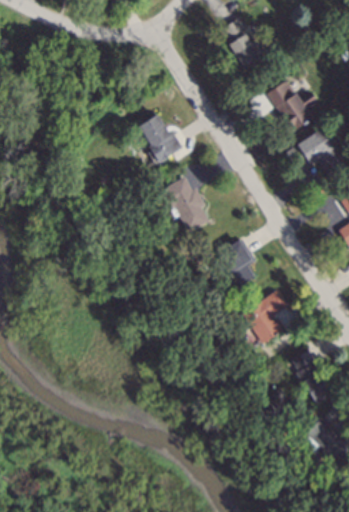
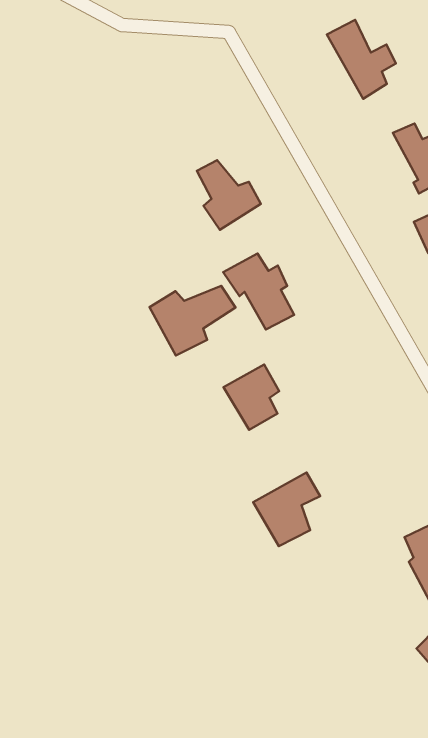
building: none -> [150,286,236,355]
building: [216,240,253,284] -> [223,364,279,430]
building: [242,292,286,342] -> [253,472,320,546]

